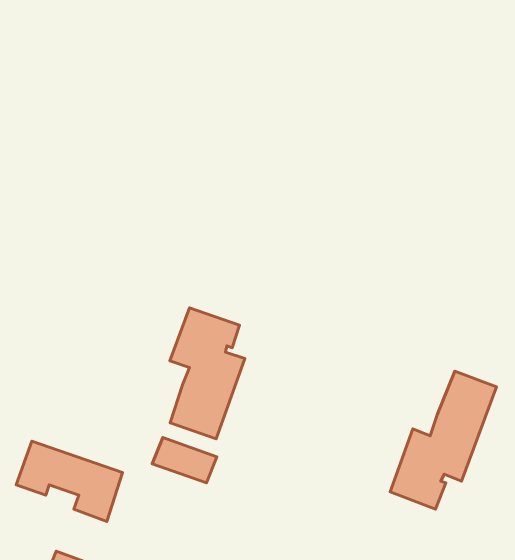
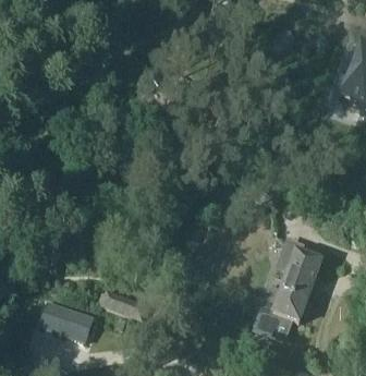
building: [170,308,245,439] -> none

